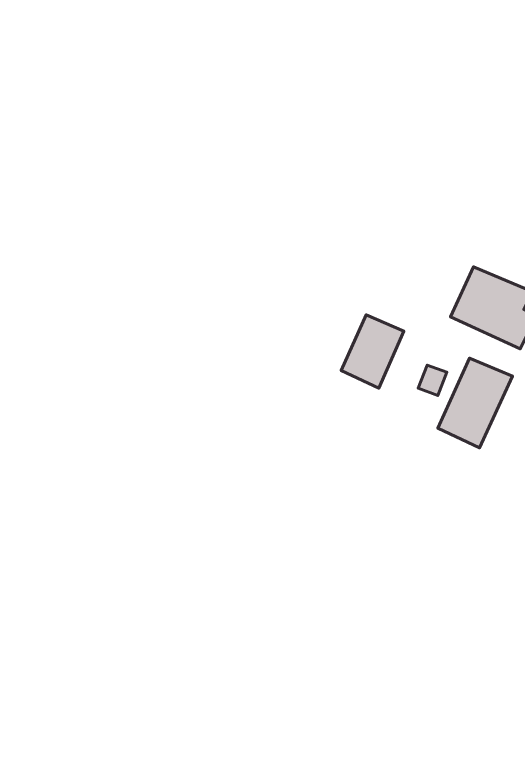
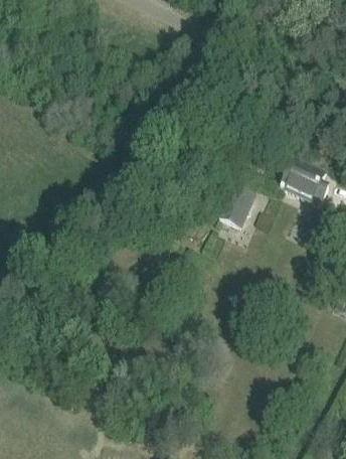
building: [438,358,513,448] -> none

